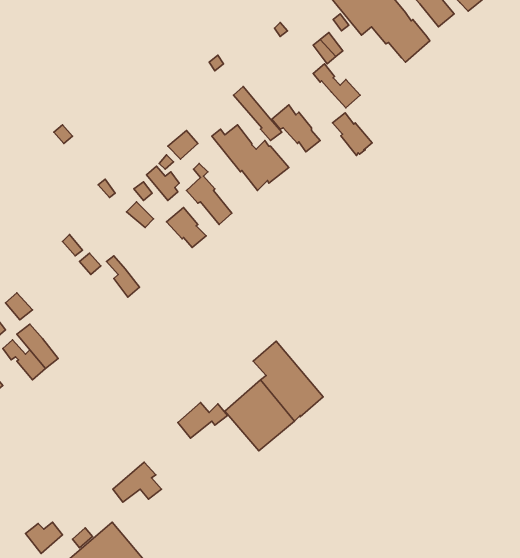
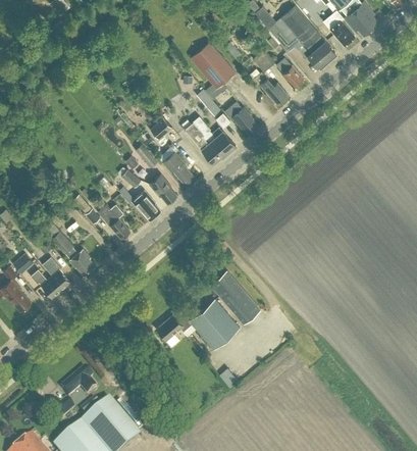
building: none -> [190,41,236,89]
building: [332,113,372,156] -> [276,57,305,88]
building: none -> [133,191,161,219]
building: none -> [44,221,96,275]
building: [113,462,161,502] -> [62,369,97,398]

